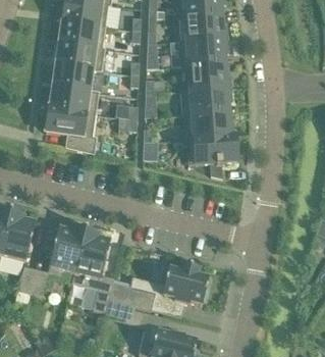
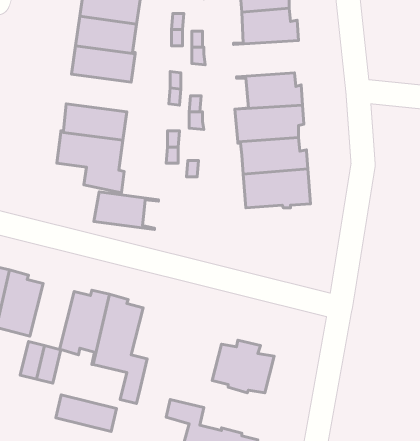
building: [179,37,229,64] -> none
building: [53,62,102,91] -> [94,192,159,230]
building: [109,282,155,309] -> [56,395,116,431]

